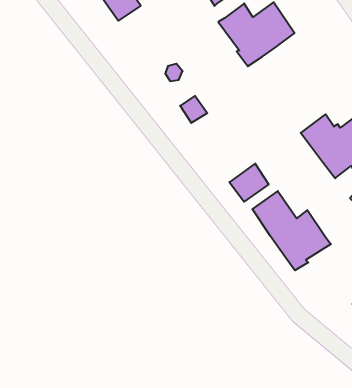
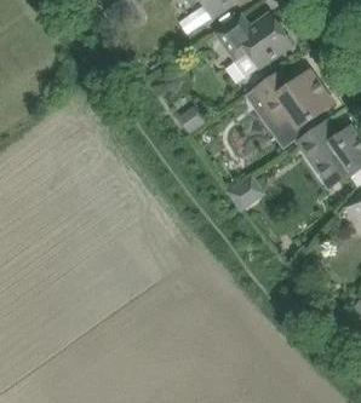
building: none -> [253,70,333,128]
building: [252,191,331,270] -> none

